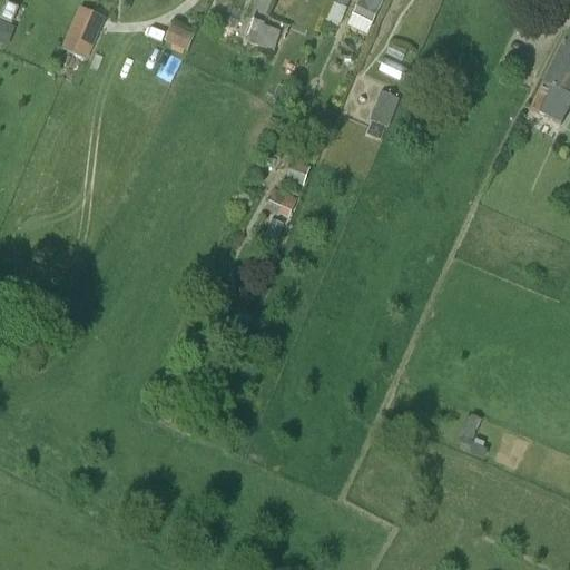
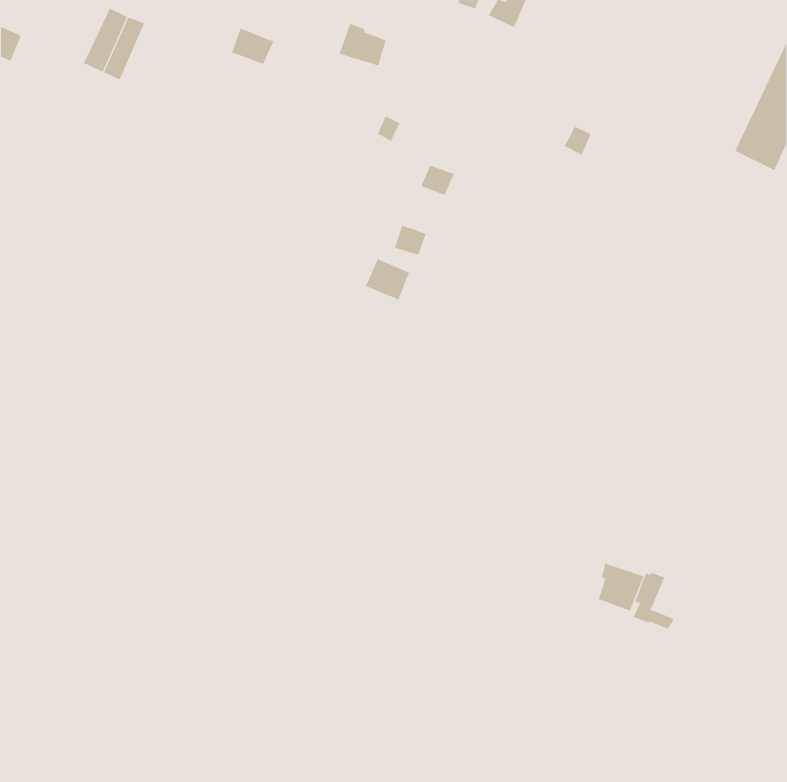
building: [366,90,399,139] -> none
building: none -> [598,563,644,611]

